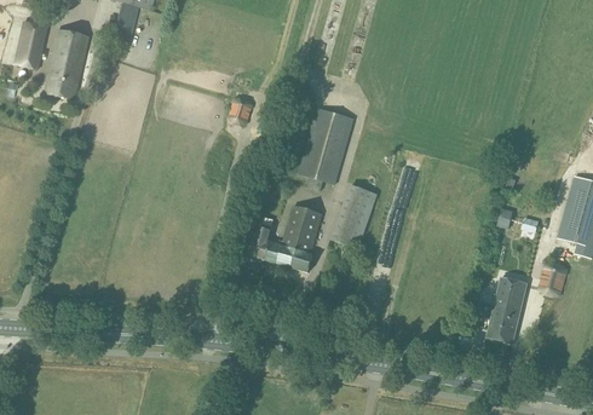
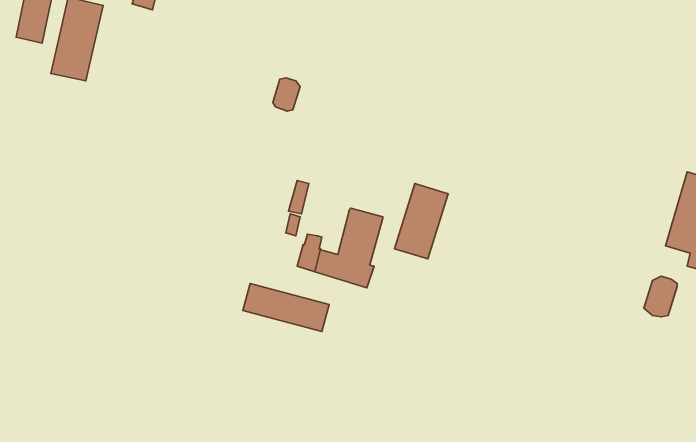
building: [299,109,353,190] -> none
building: none -> [243,284,329,331]
building: [487,276,528,341] -> none

